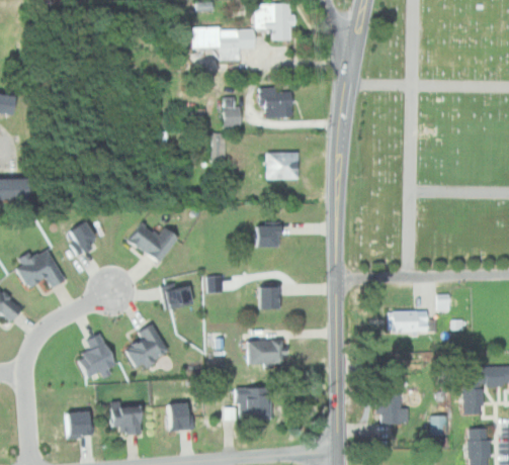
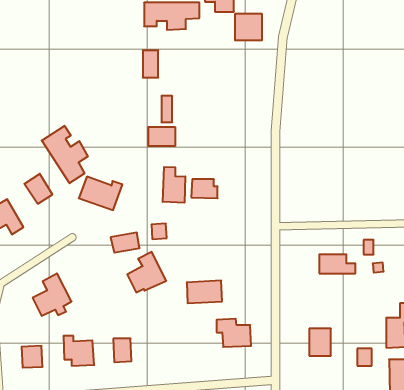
building: [264,88,294,117] -> [235,14,262,40]
building: [225,97,242,127] -> [143,50,158,78]
building: [268,152,301,179] -> none
building: none -> [42,126,88,183]
building: none -> [148,127,175,146]
building: none -> [163,167,185,203]
building: [253,287,277,309] -> none
building: [121,322,165,368] -> [127,252,166,292]
building: [231,388,269,420] -> [217,319,251,347]

